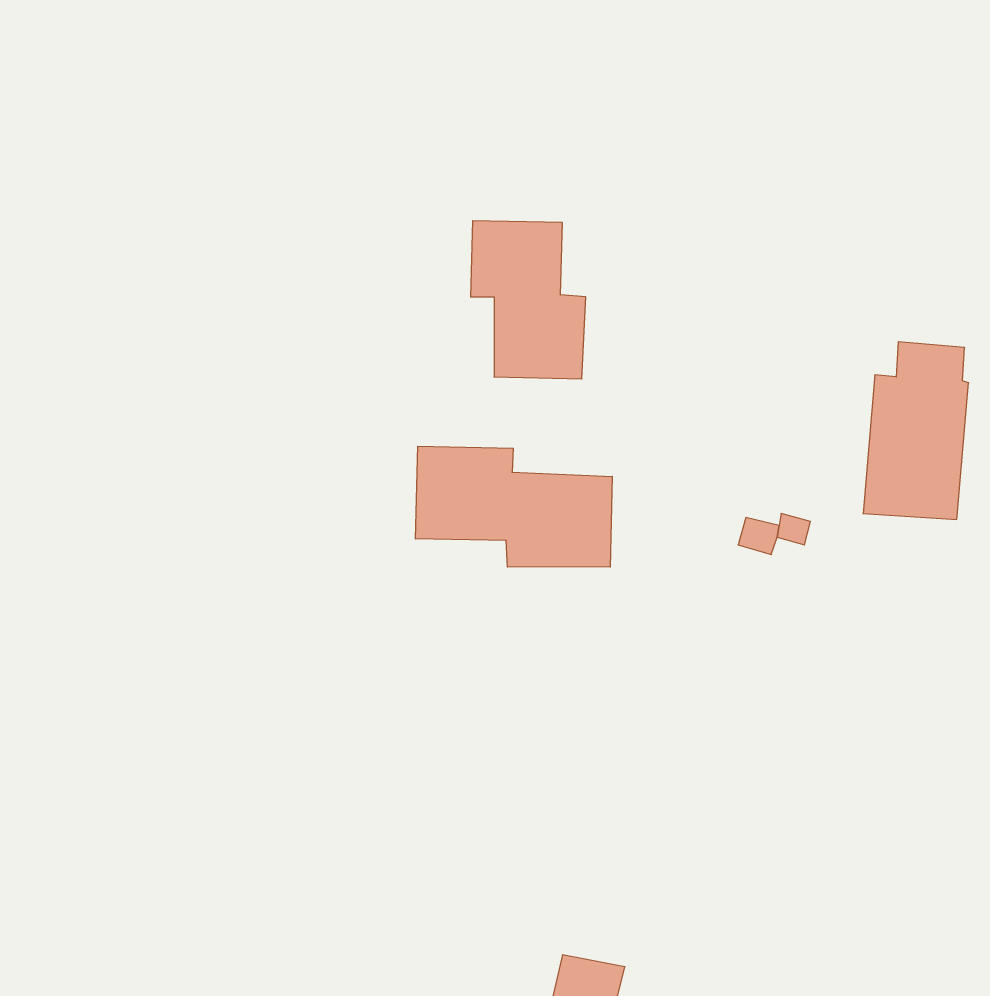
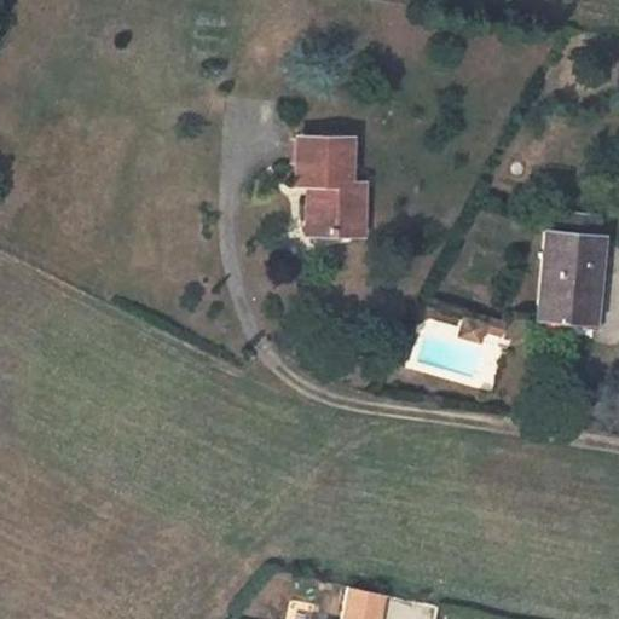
building: [416,446,612,567] -> none

